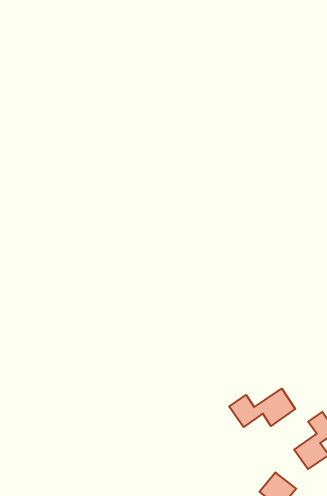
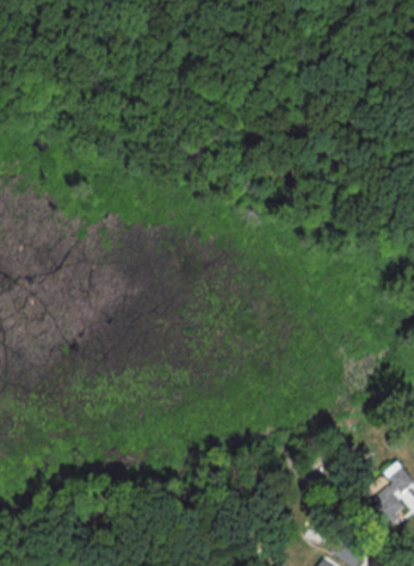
building: [229,389,295,427] -> none

